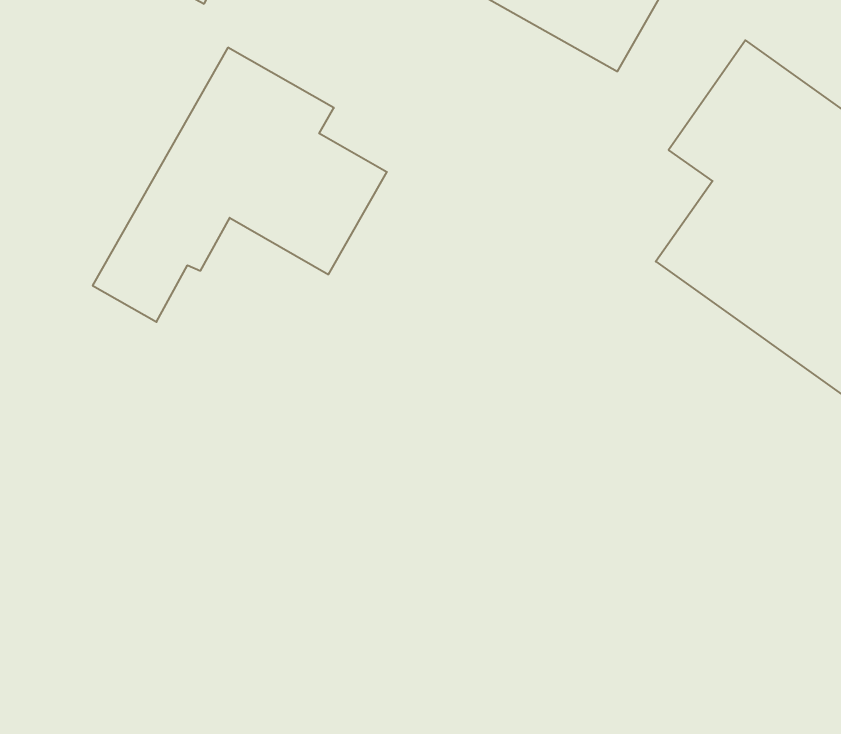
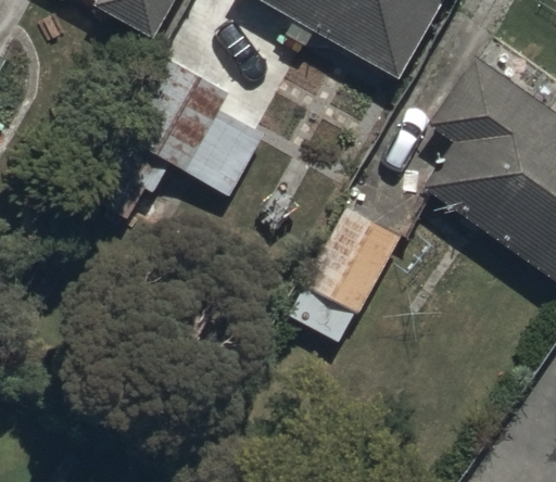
building: none -> [286,207,397,345]

